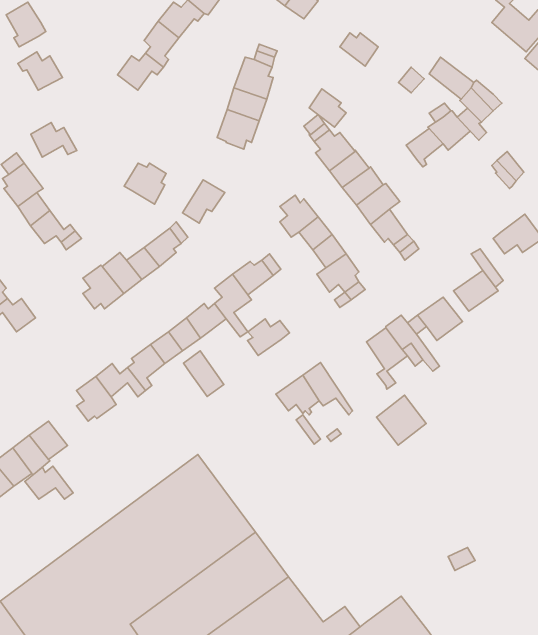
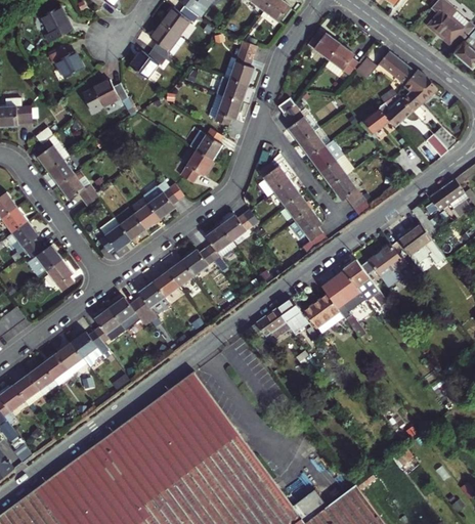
building: [309,89,346,127] -> [327,43,356,74]
building: [31,123,77,157] -> [94,81,131,108]
building: [124,163,166,204] -> [189,127,223,160]
building: none -> [47,260,74,292]
building: [247,319,289,356] -> none
building: [183,351,224,397] -> none
building: [376,395,426,445] -> [303,292,343,332]
building: [25,466,73,499] -> [73,331,112,357]

